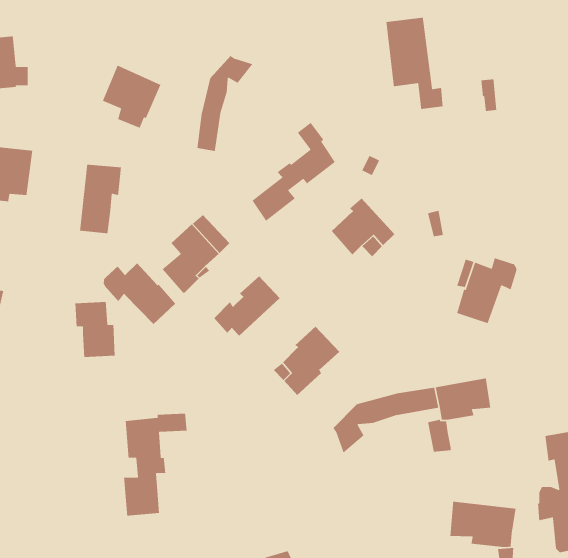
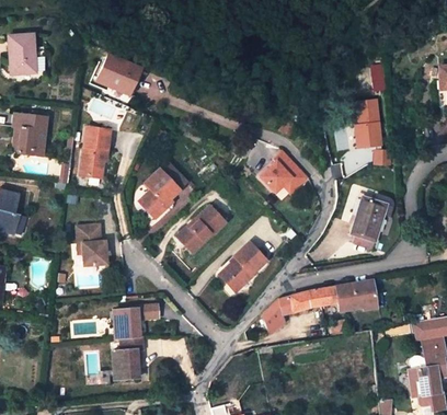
building: [385,17,443,110] -> [348,97,390,164]
building: [196,55,254,152] -> none
building: [251,122,336,222] -> none
building: [103,263,176,325] -> none
building: [449,501,516,548] -> none

